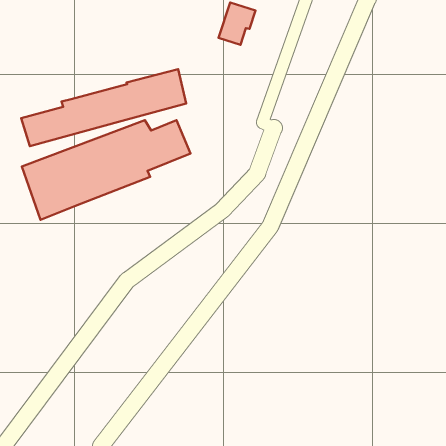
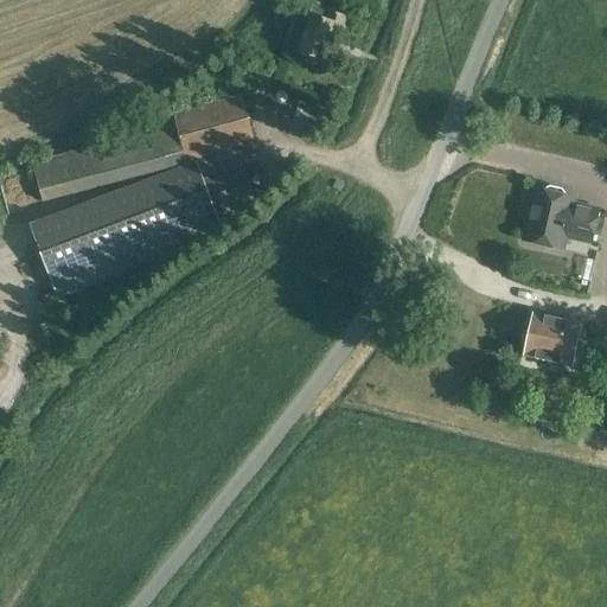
building: none -> [522,184,595,247]
building: none -> [522,312,580,364]

